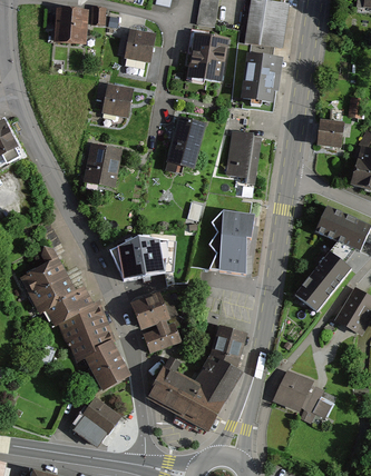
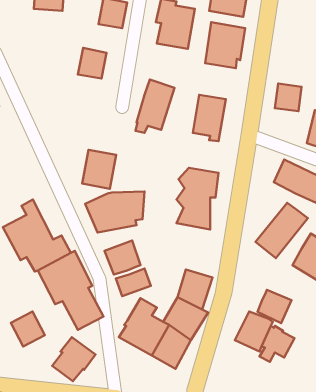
building: [84,143,120,186] -> [82,150,116,189]
building: none -> [258,290,292,323]
building: none -> [11,311,45,347]

